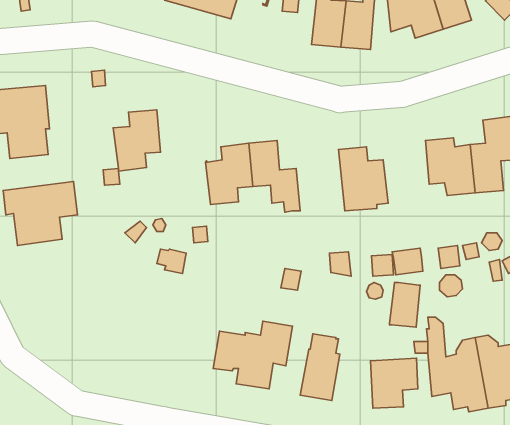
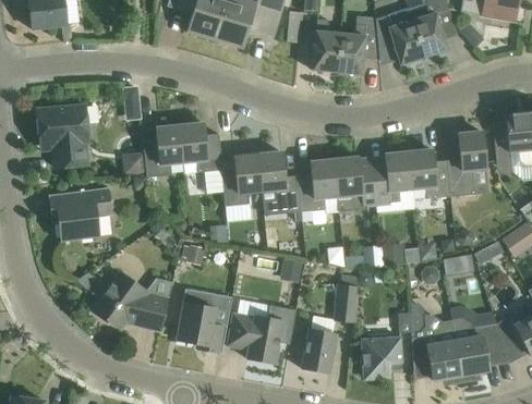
building: none -> [180,123,223,172]
building: none -> [373,151,412,205]
building: none -> [299,159,340,216]
building: none -> [75,271,173,330]
building: [389,282,420,327] -> [332,284,359,322]
building: none -> [177,287,232,353]

